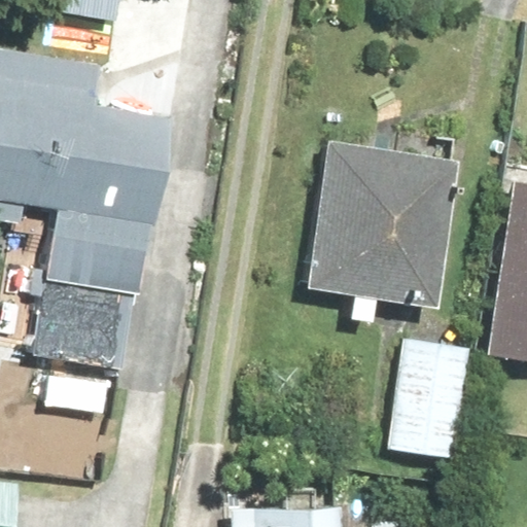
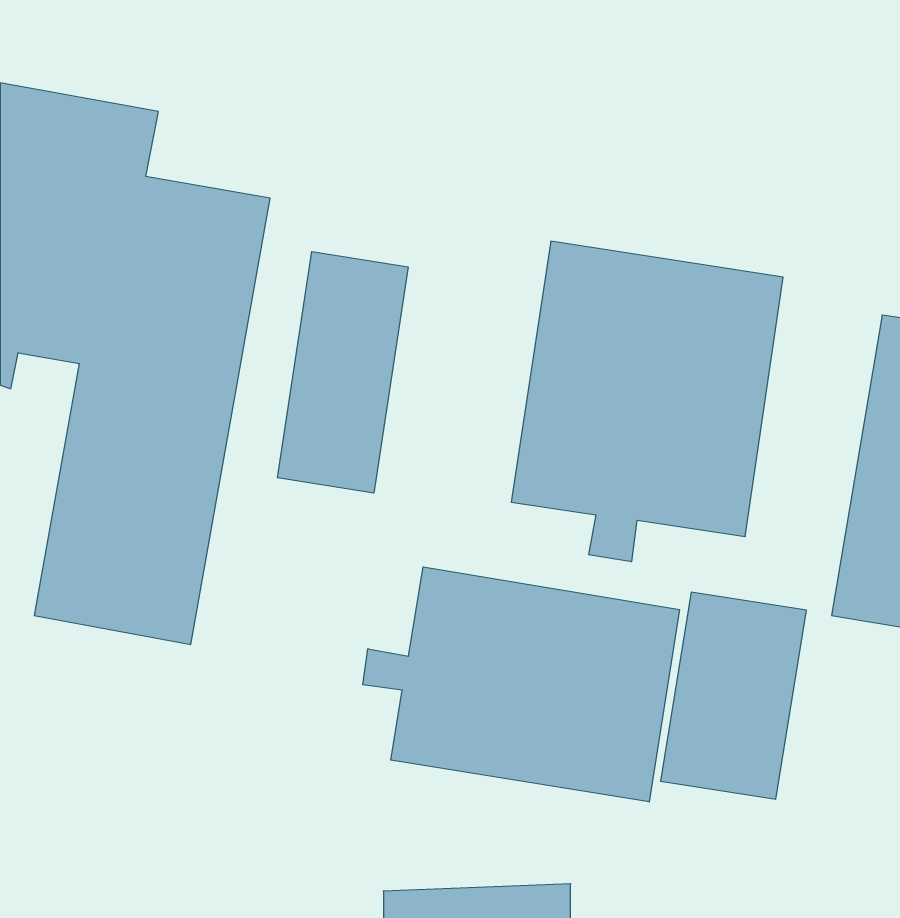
building: none -> [277,252,408,493]
building: none -> [363,567,680,802]

